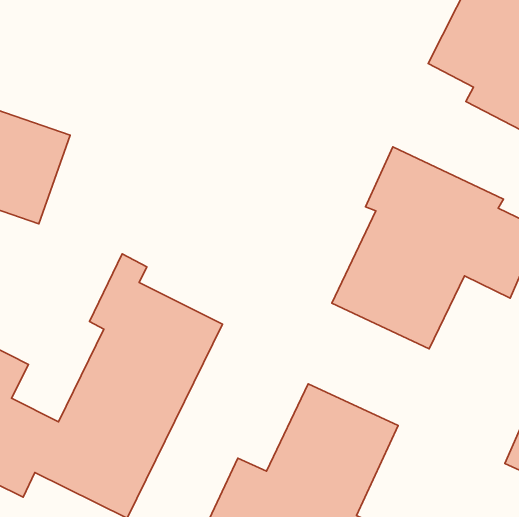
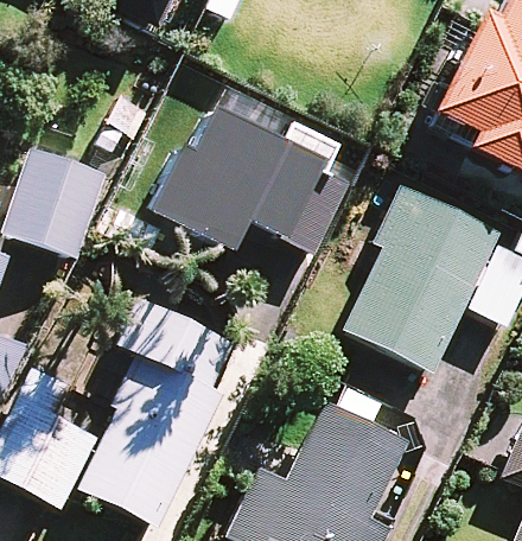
building: none -> [145,114,346,252]

